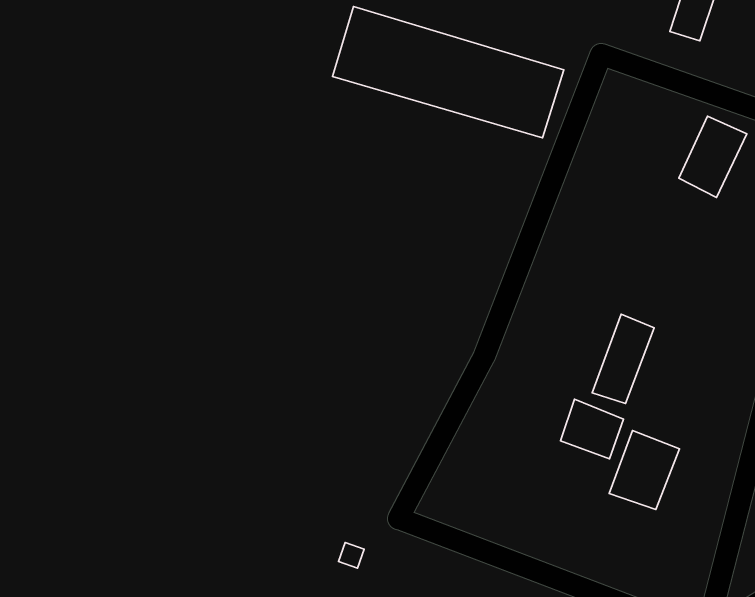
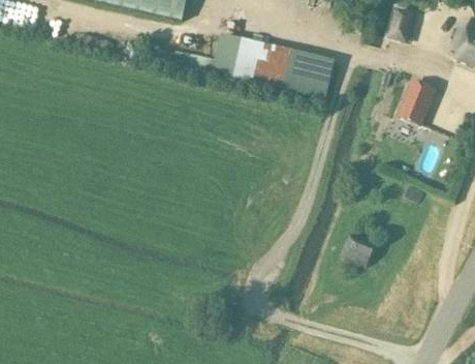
building: [592,314,654,403] -> none
building: [609,430,679,509] -> none

